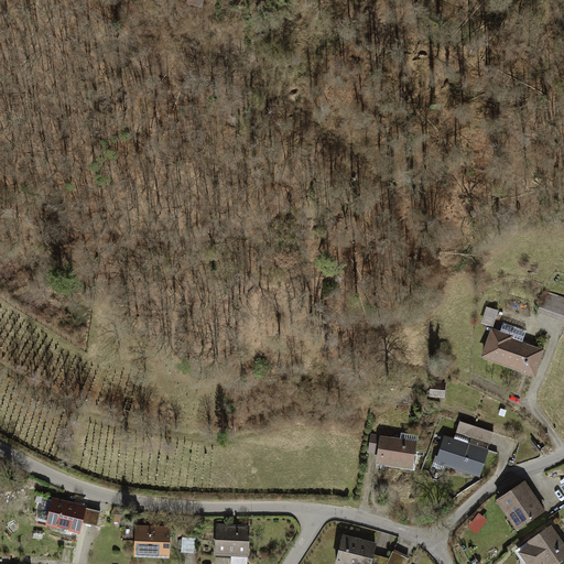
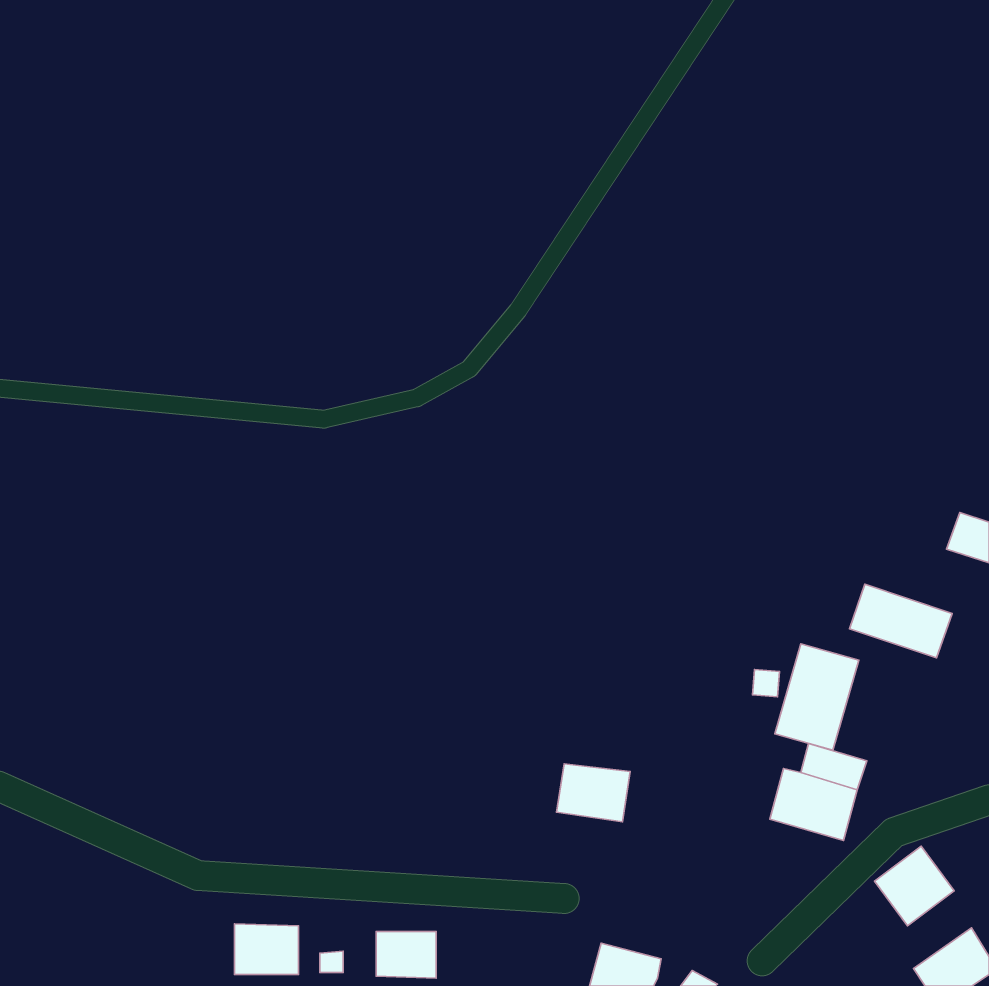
building: none -> [775,644,859,750]
building: [373,436,415,469] -> [556,764,630,822]
building: [47,496,88,530] -> none

